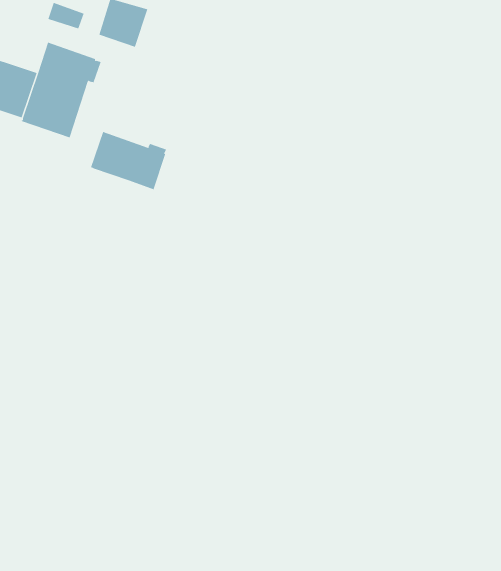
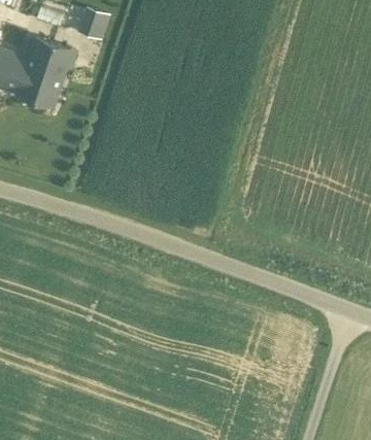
building: [90,131,167,190] -> none

